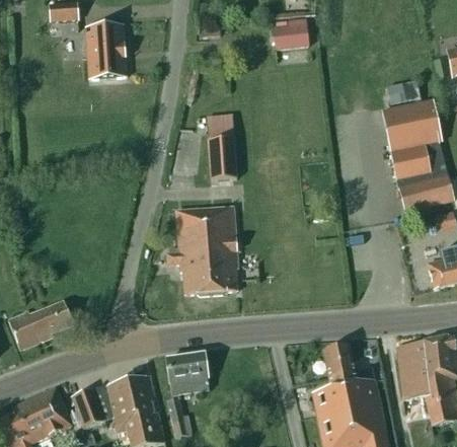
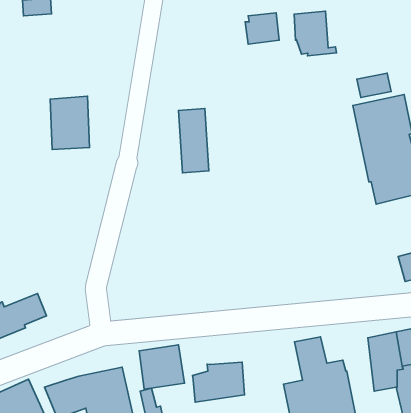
building: none -> [294,11,337,56]
building: [86,24,126,78] -> [50,96,89,150]
building: [159,206,237,294] -> none
building: none -> [193,362,244,402]

